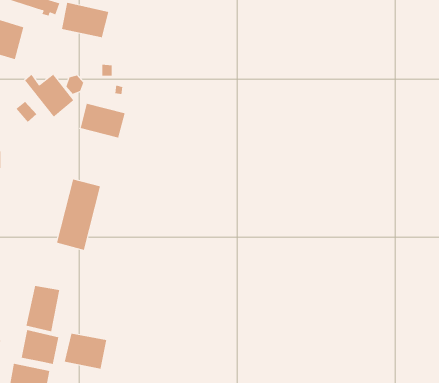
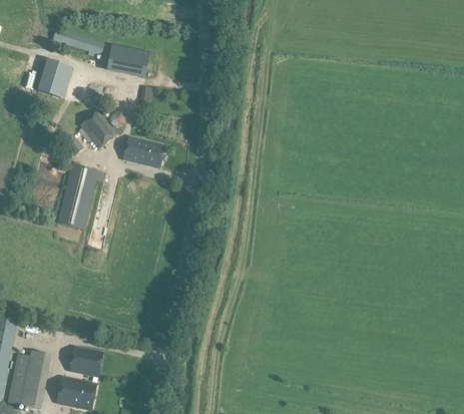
building: [56,179,101,250] -> [56,163,97,230]
building: [26,285,60,332] -> none
building: [64,333,107,370] -> none

